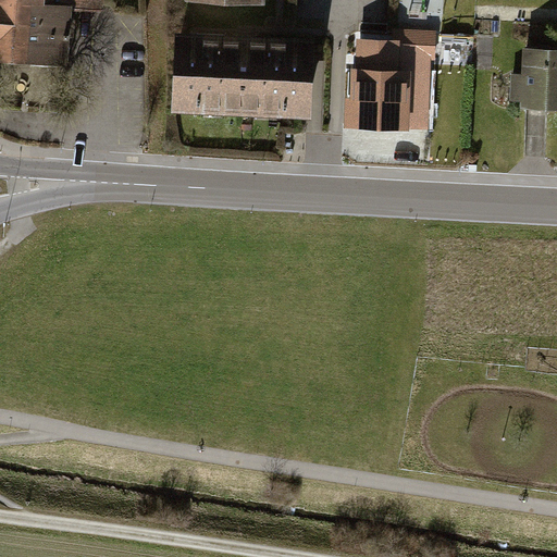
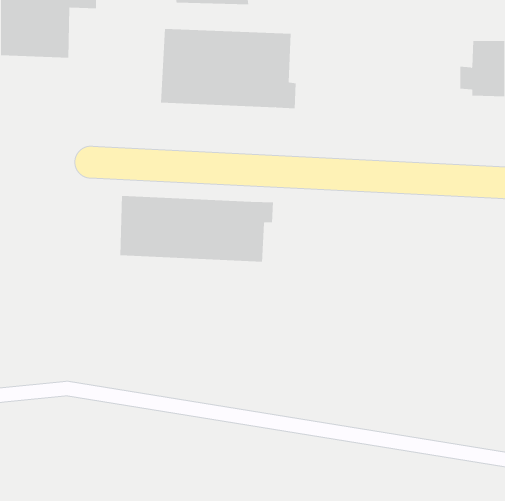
building: [352,25,441,131] -> none
building: none -> [120,195,273,263]

